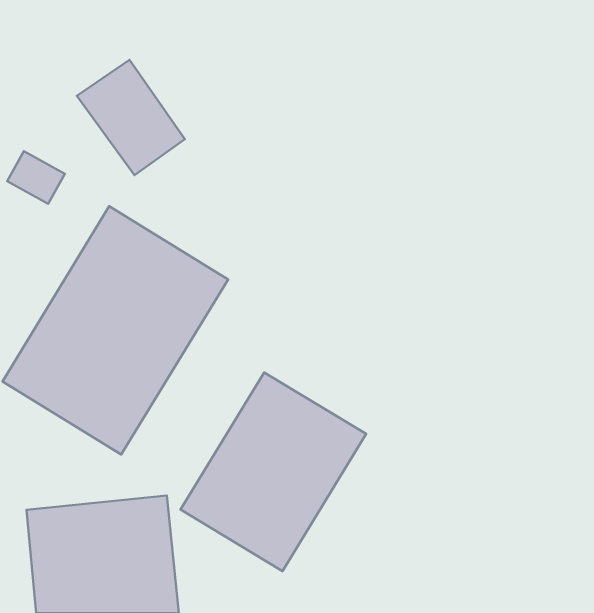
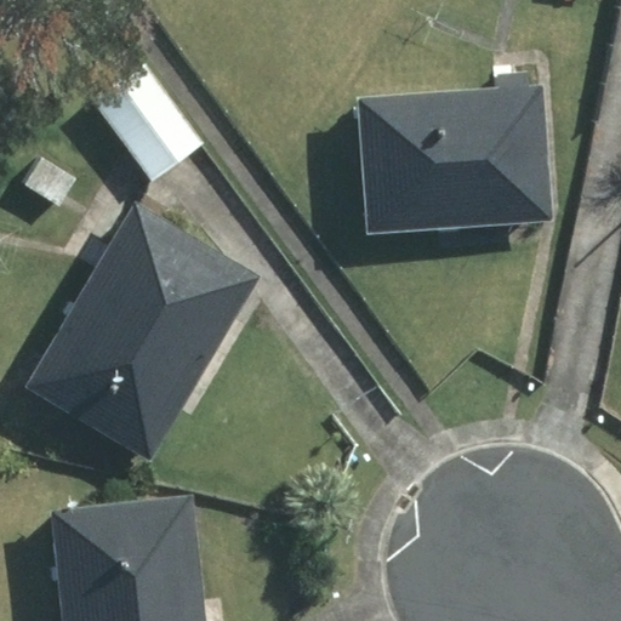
building: none -> [352,74,548,230]
building: [181,372,366,571] -> none

